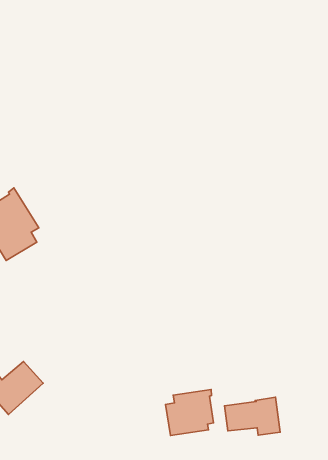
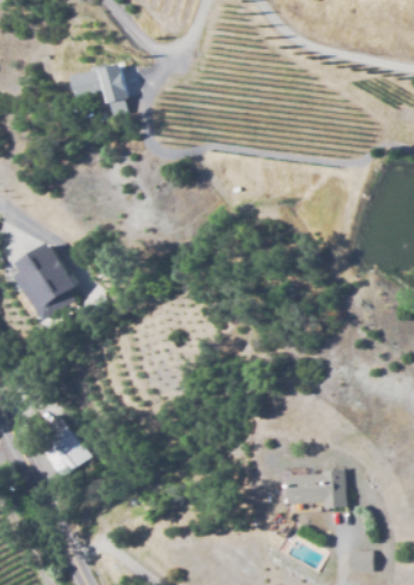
building: none -> [66,61,128,115]
building: [166,389,213,435] -> none

